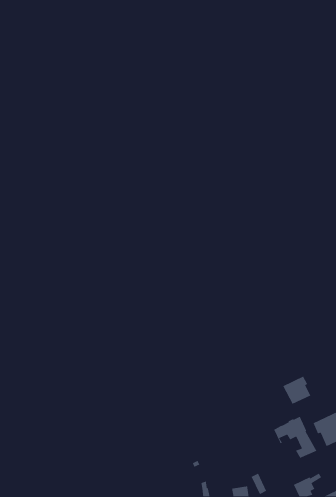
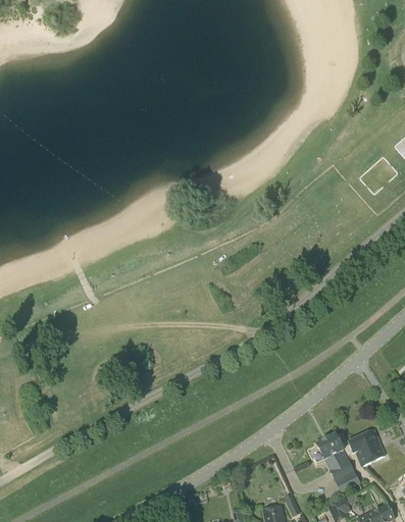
building: [282,375,311,405] -> none

